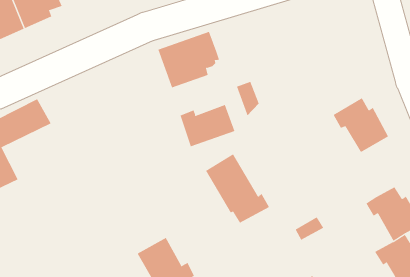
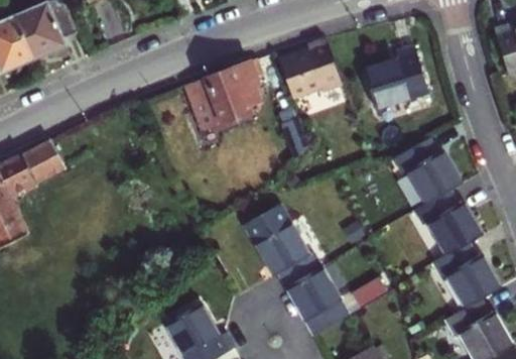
building: none -> [280,39,342,99]
building: none -> [363,47,428,109]
building: [180,104,235,147] -> none
building: none -> [414,192,480,256]
building: none -> [285,268,349,335]

